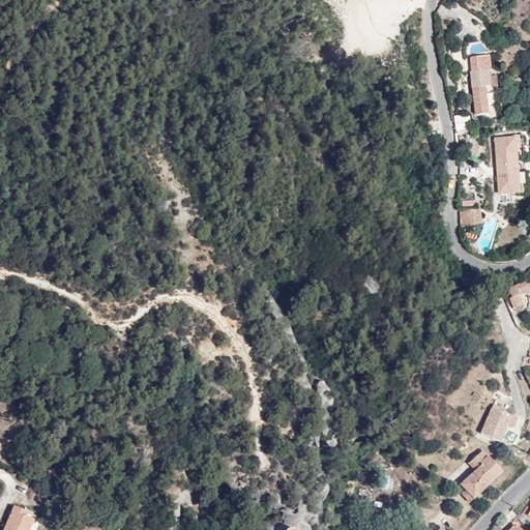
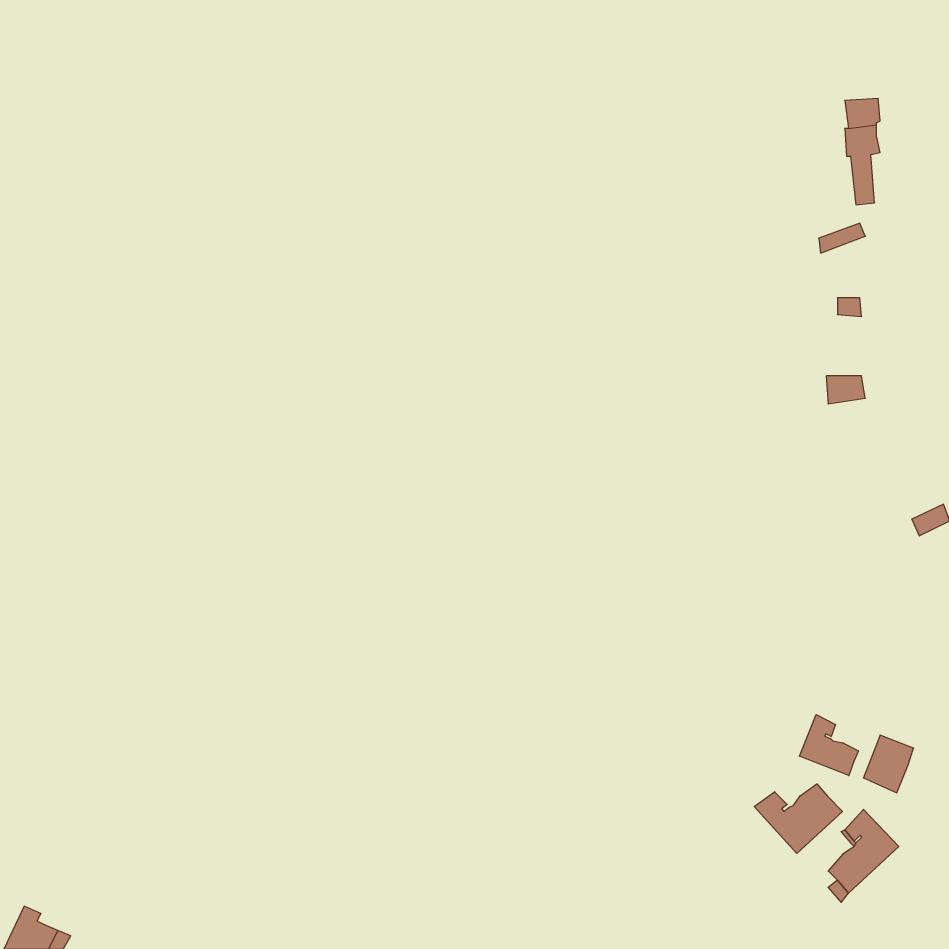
building: [496,137,520,193] -> none
building: none -> [799,715,858,776]
building: none -> [754,784,842,853]

